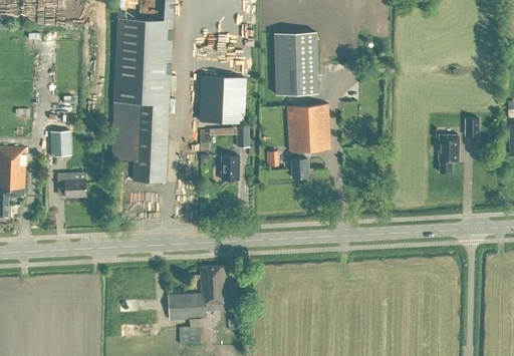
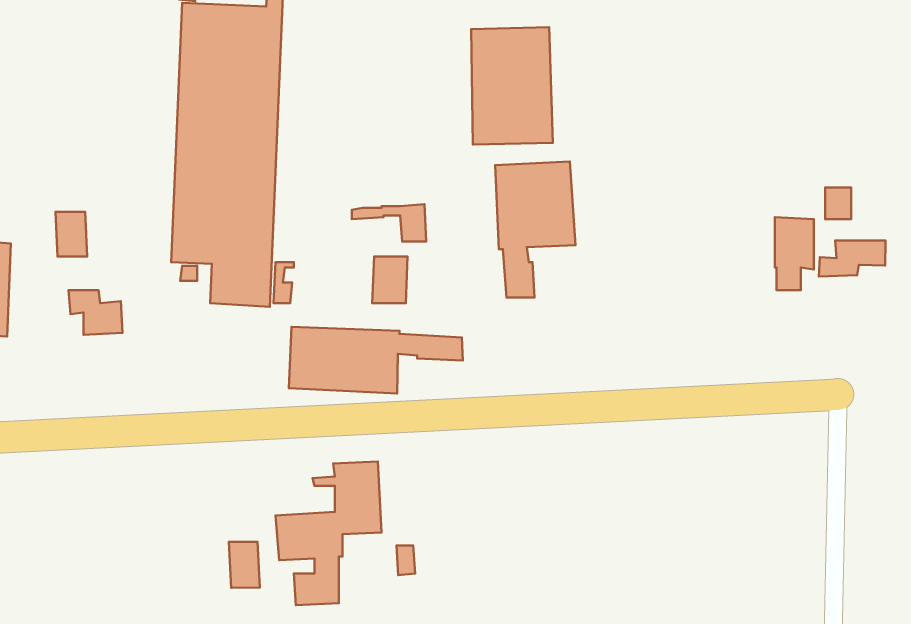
building: [199,76,245,124] -> none
building: none -> [819,241,886,276]
building: none -> [289,327,463,393]
building: none -> [229,542,260,588]

